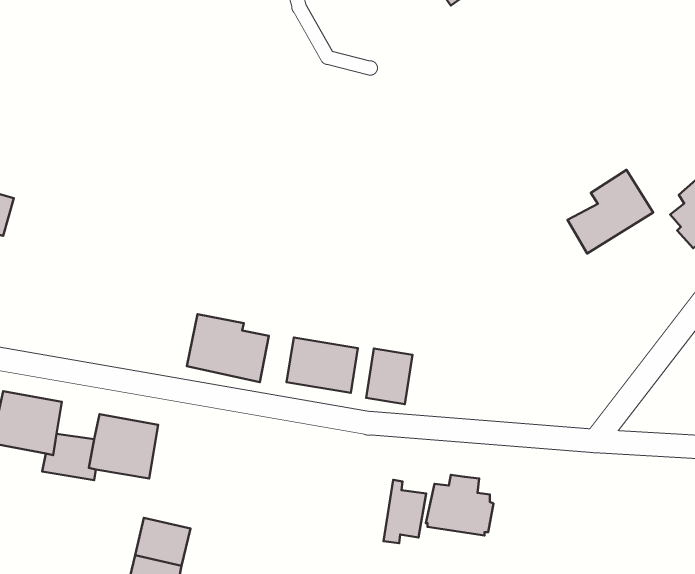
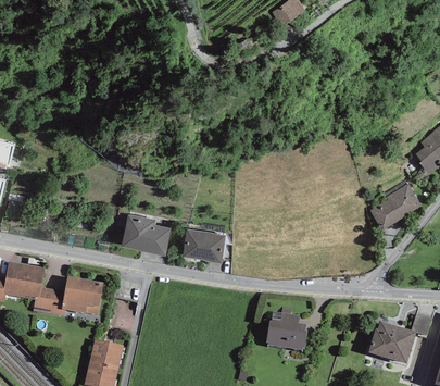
building: [568,170,653,254] -> [369,178,422,229]
building: [366,349,413,404] -> none
building: [384,480,426,543] -> none
building: none -> [368,320,416,363]

